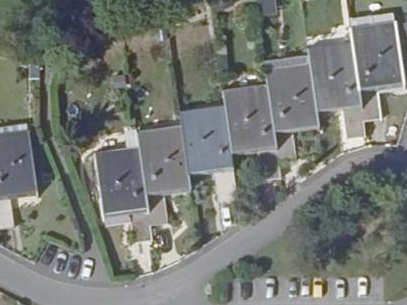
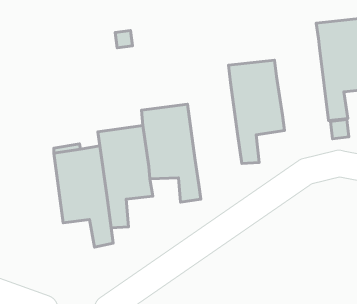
building: [307,38,364,135] -> none
building: [222,81,279,177] -> none

